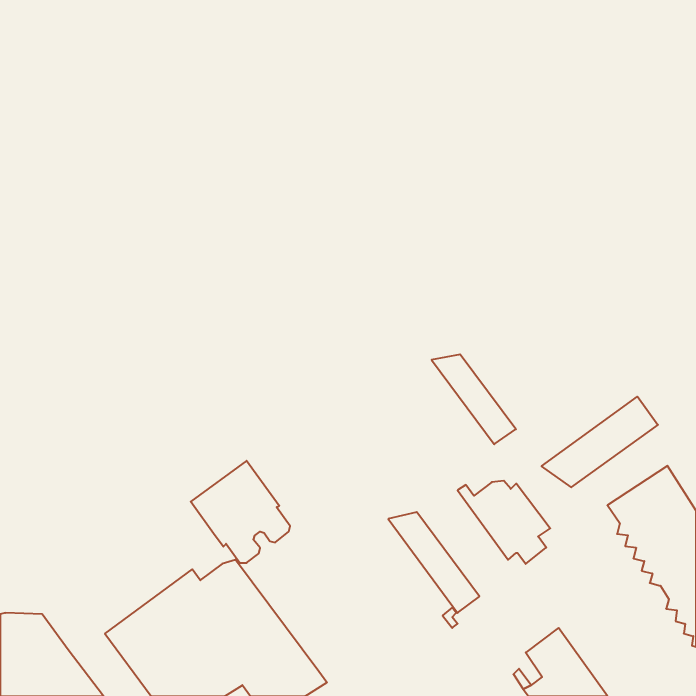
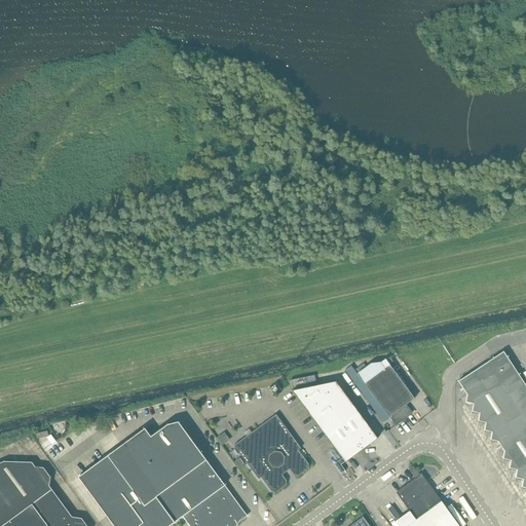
building: [432,354,516,444] -> [314,382,378,450]
building: [542,397,658,487] -> none
building: [191,461,290,563] -> [234,415,309,492]

